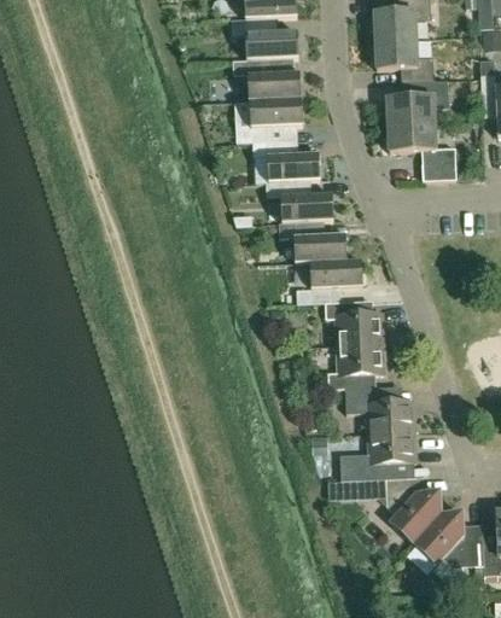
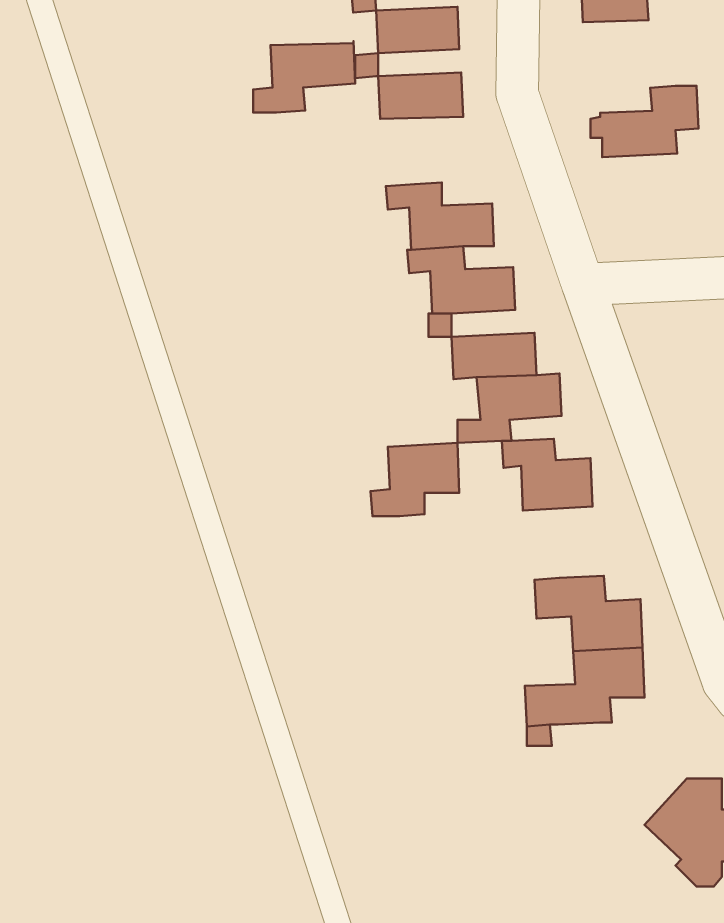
building: [375,37,433,80] -> none
building: [238,97,302,141] -> [253,41,355,113]
building: [388,121,456,180] -> none
building: [327,342,383,387] -> [371,443,459,516]
building: [386,476,441,541] -> none

